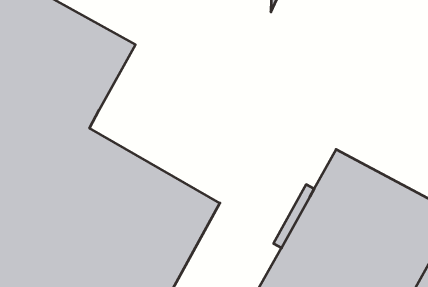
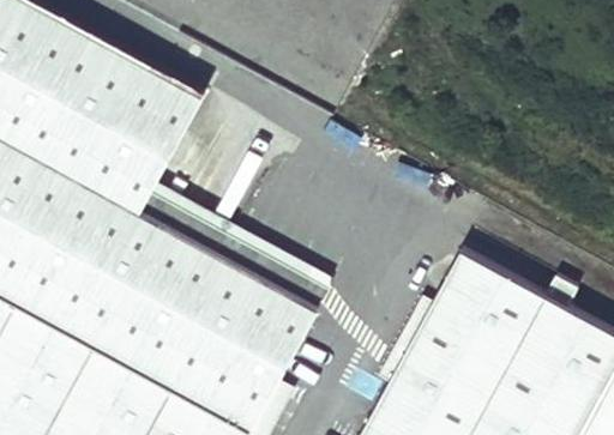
building: none -> [138,187,331,314]

